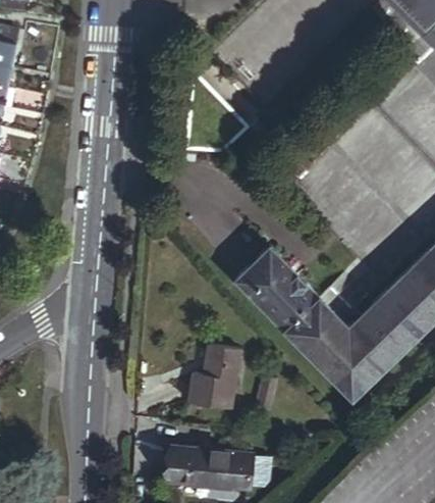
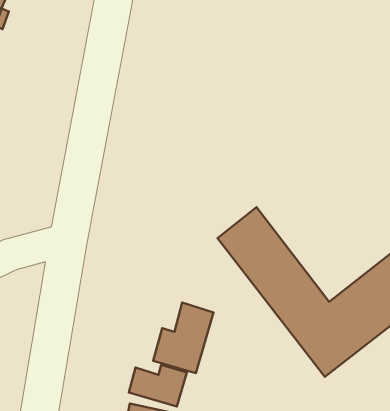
building: none -> [129,365,187,407]

